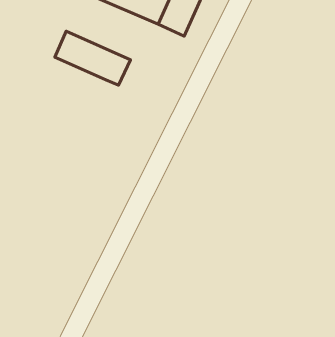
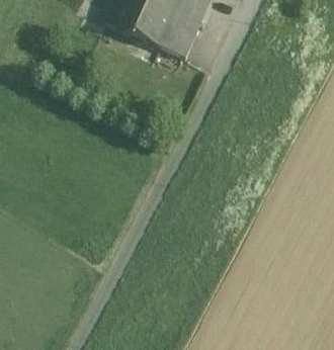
building: [55,31,131,85] -> none

